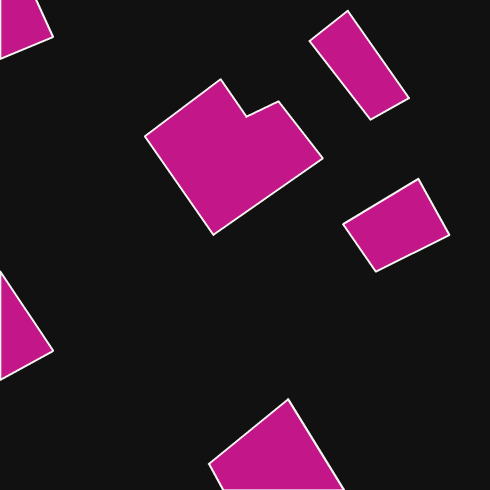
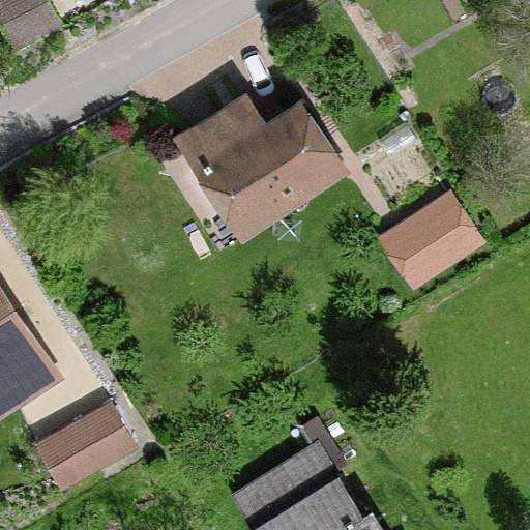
building: [309,11,409,120] -> none
building: none -> [29,400,141,498]

